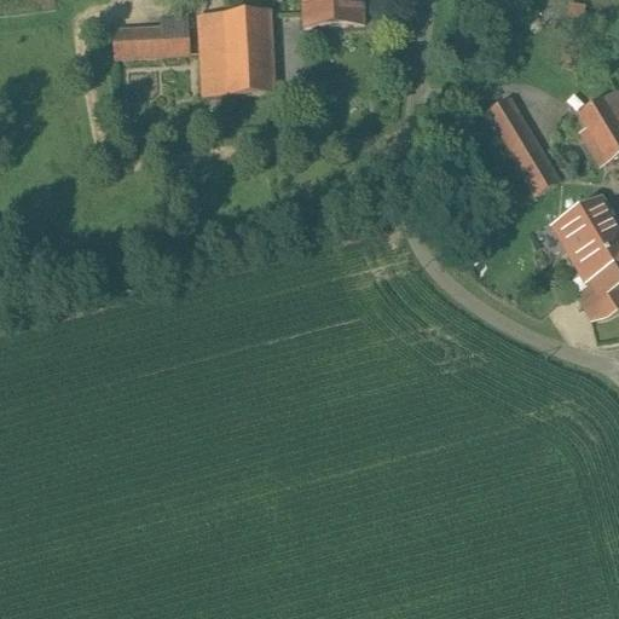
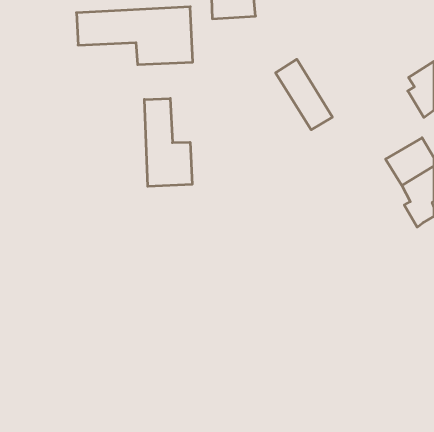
building: [481,91,562,191] -> [276,59,332,130]
building: none -> [144,98,192,186]

